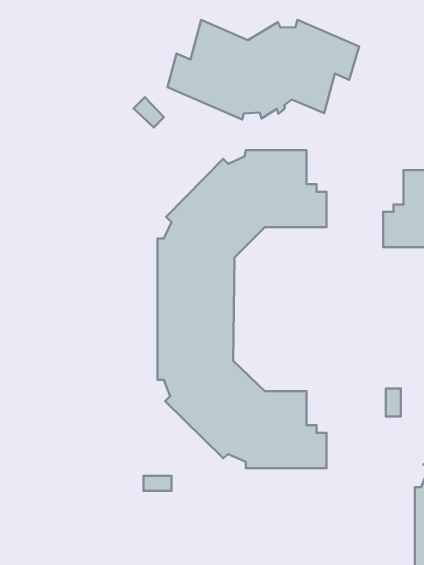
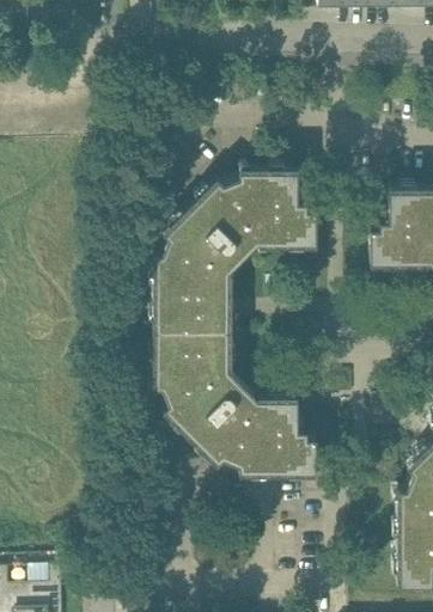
building: [167,20,359,119] -> none

